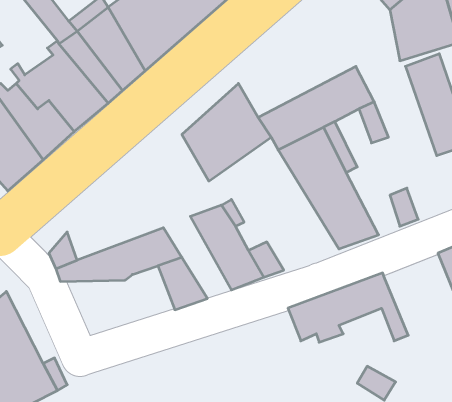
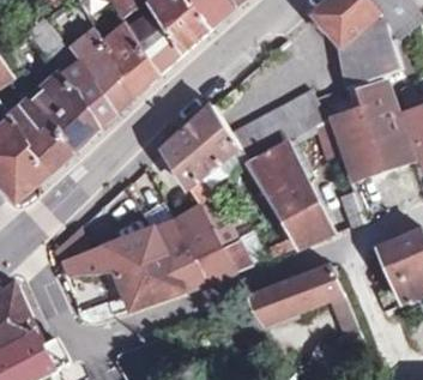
building: none -> [326,91,380,175]
building: none -> [149,218,206,288]
building: none -> [77,260,158,319]

